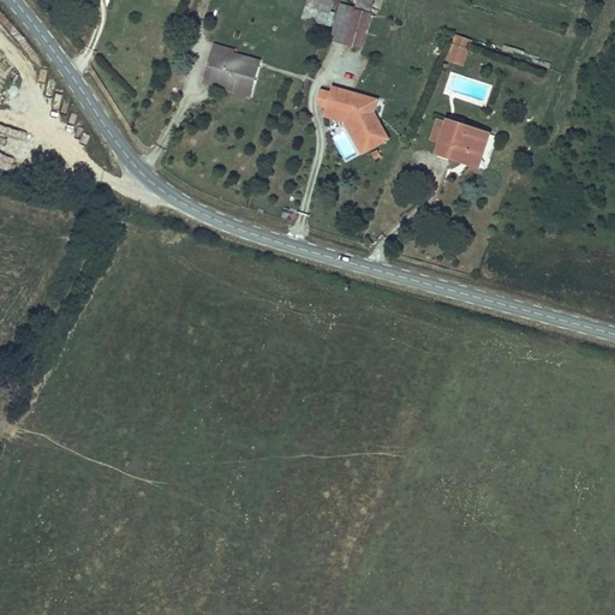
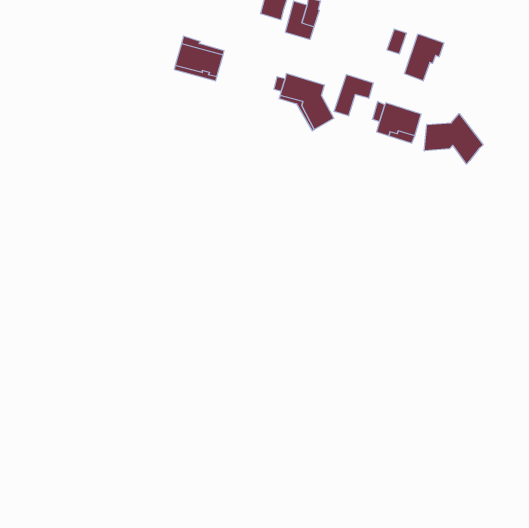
building: none -> [404,34,444,81]
building: none -> [334,75,373,116]
building: none -> [424,114,483,164]

